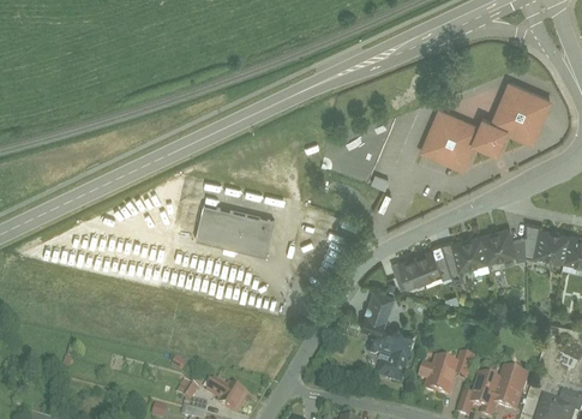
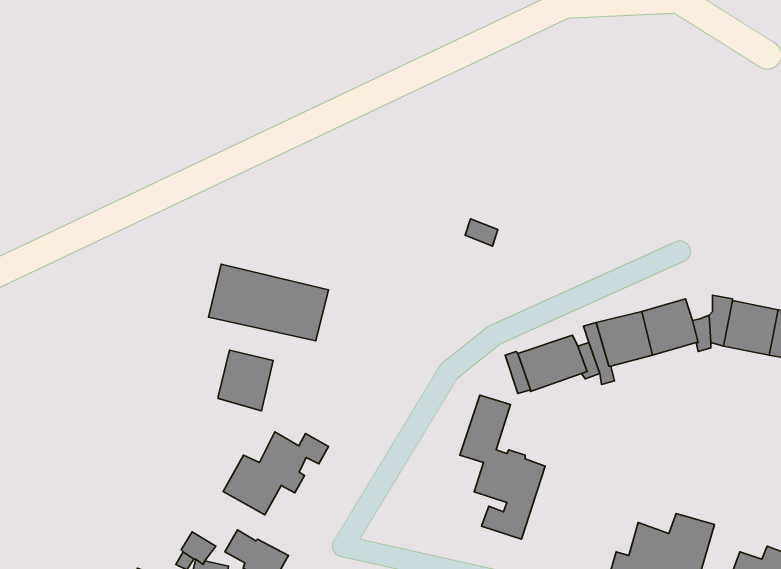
building: [419,80,552,170] -> none
building: none -> [218,350,273,411]
building: none -> [223,432,329,515]
building: [418,352,475,399] -> none

